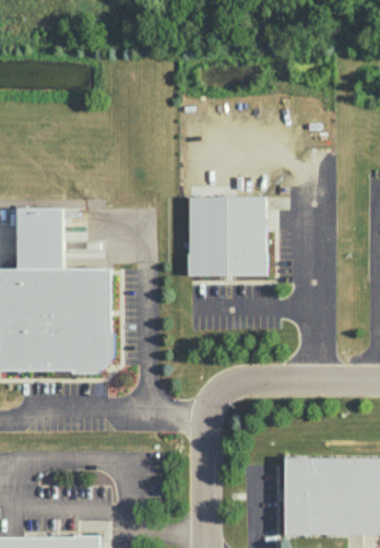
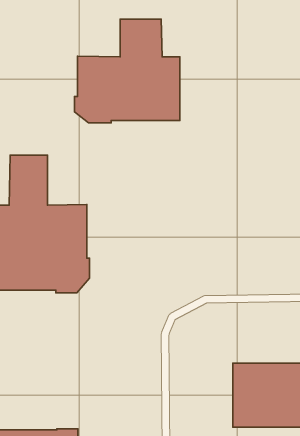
building: none -> [74,19,180,123]
building: [189,198,265,276] -> none

